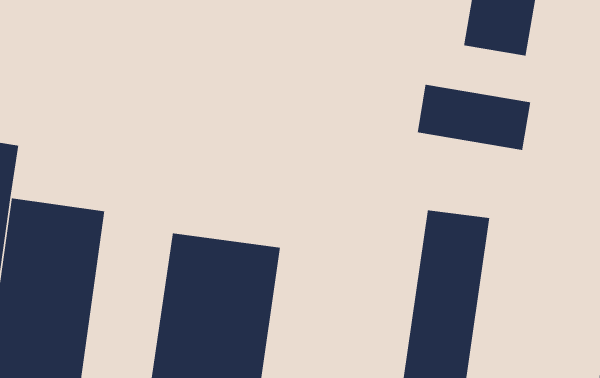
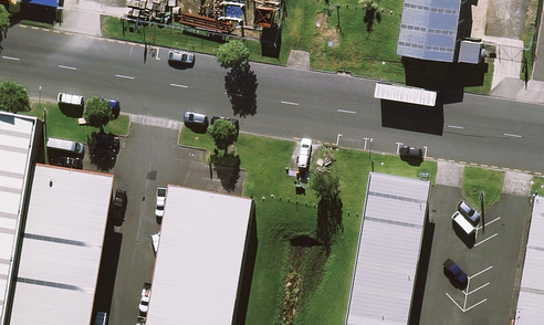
building: [417,84,531,151] -> none

